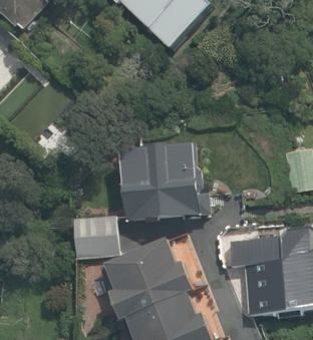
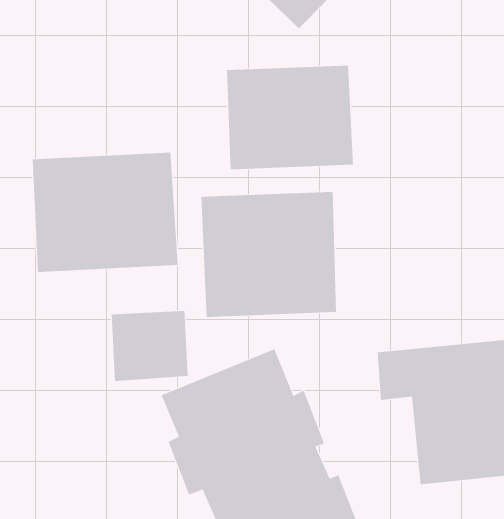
building: none -> [227,65,354,170]
building: none -> [32,152,178,273]

